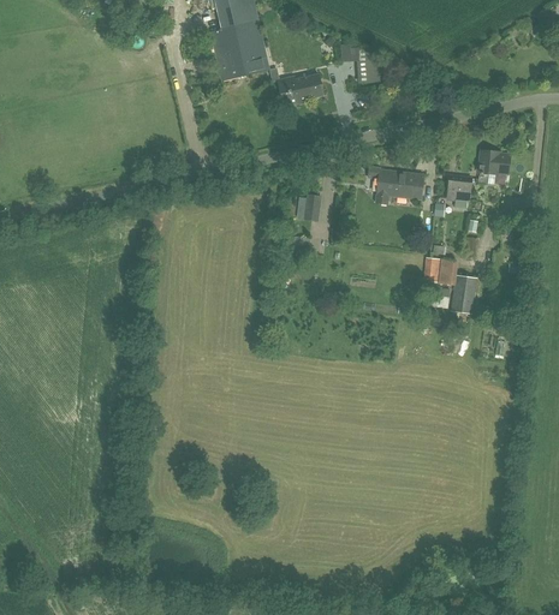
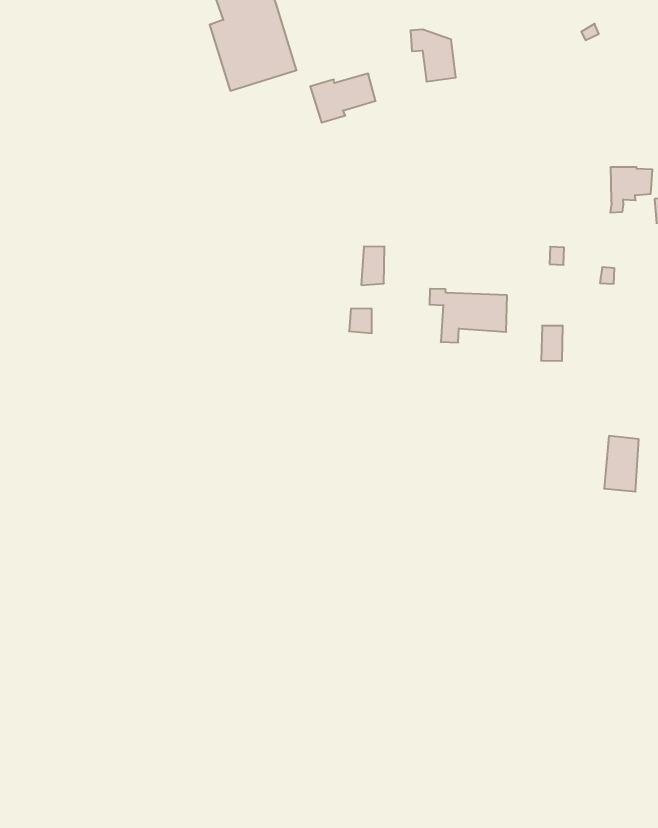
building: [369,166,423,204] -> [429,289,507,342]
building: [446,174,472,201] -> none
building: [451,274,477,314] -> [604,436,639,492]

